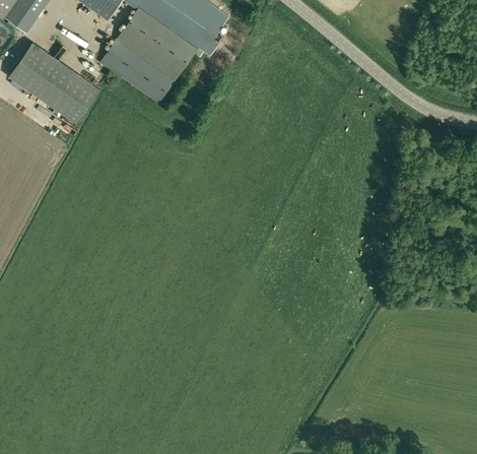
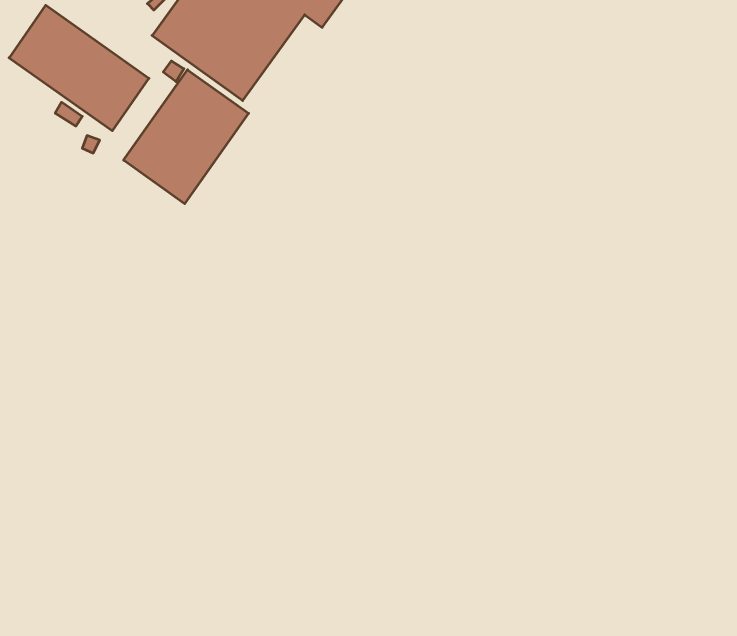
building: none -> [124,70,249,204]

